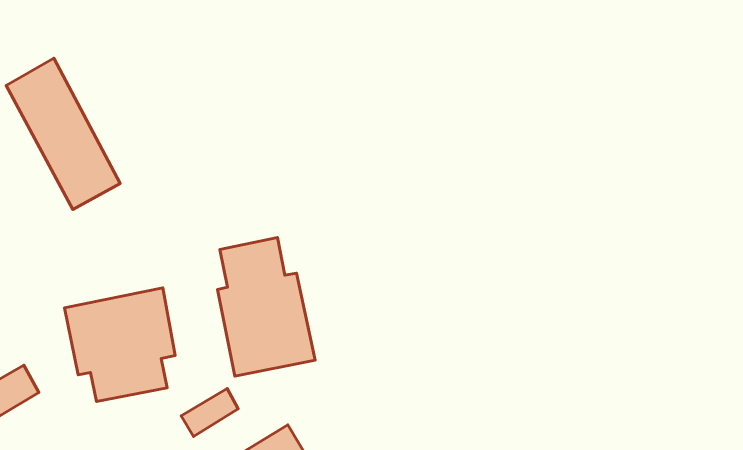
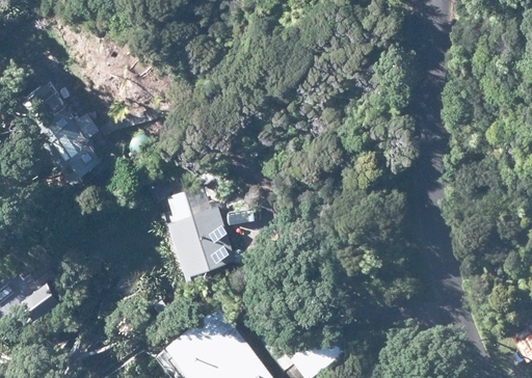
building: [64,288,175,402] -> none

